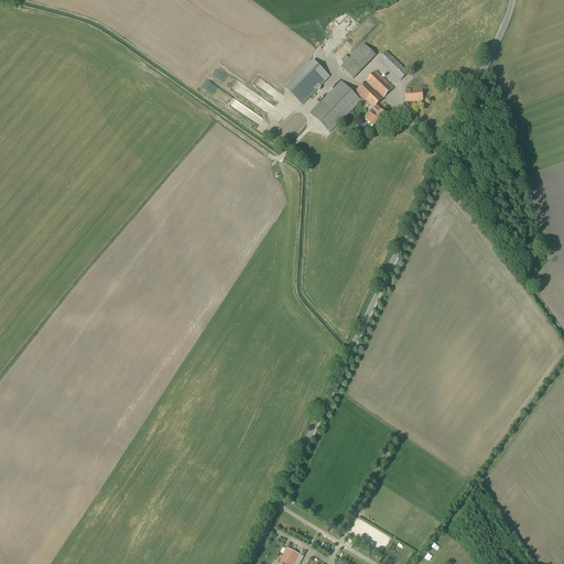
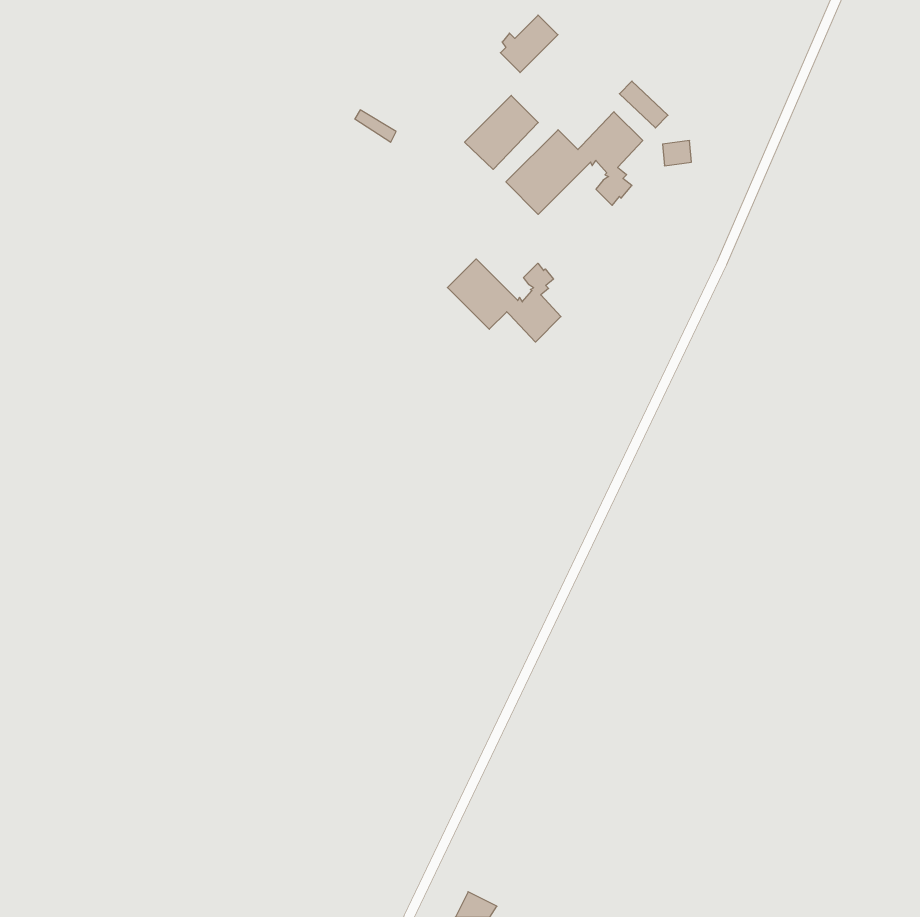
building: [340,42,376,77] -> [500,15,558,73]
building: none -> [447,259,561,342]

